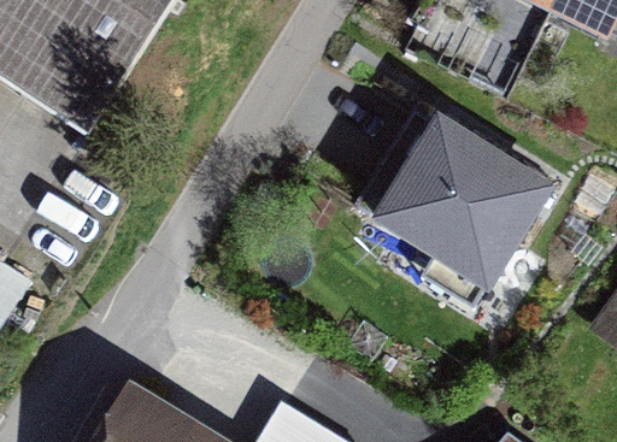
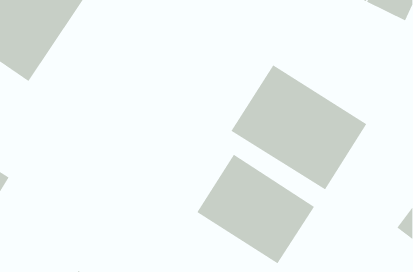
building: none -> [197,154,315,264]

